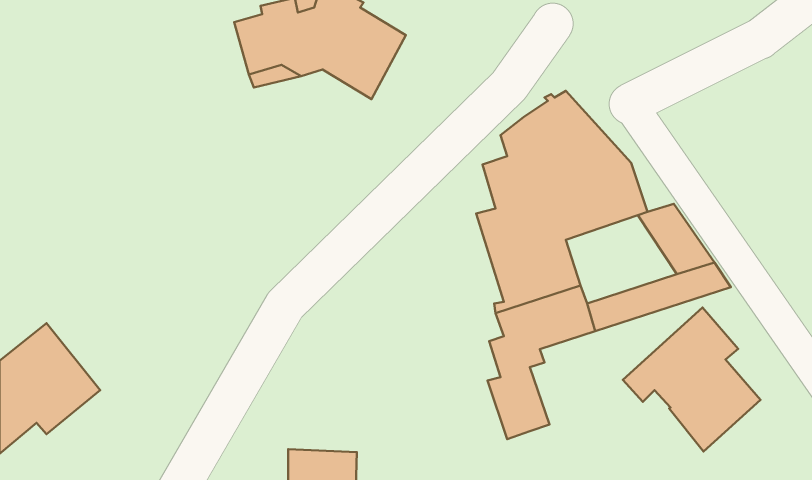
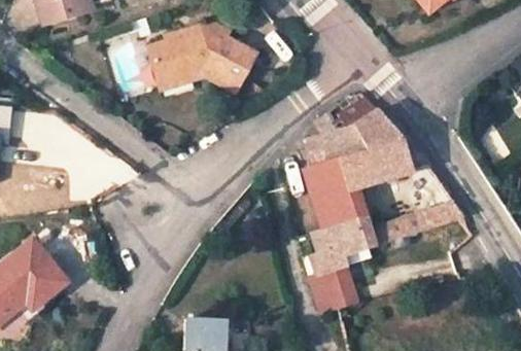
building: [623,307,760,451] -> none

